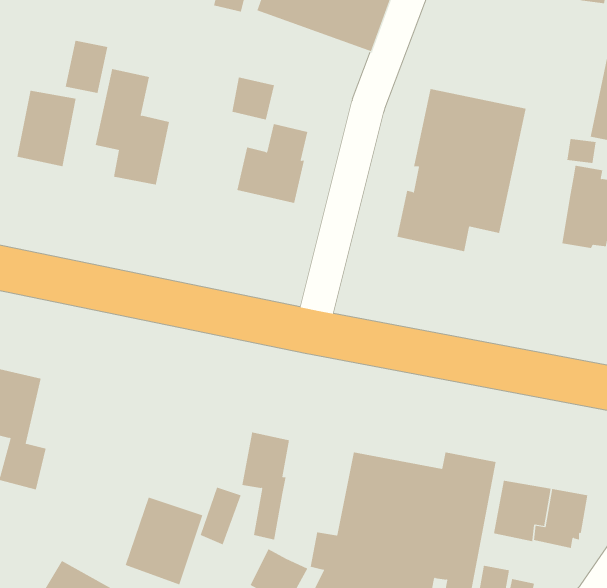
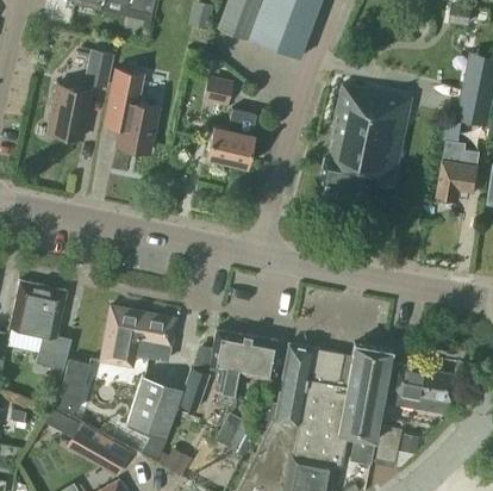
building: none -> [100,307,175,367]
building: none -> [238,336,279,380]
building: none -> [56,360,88,412]

